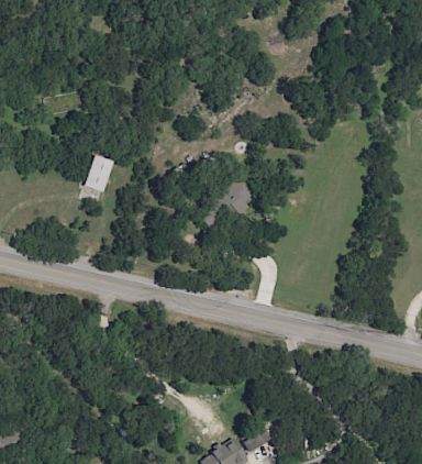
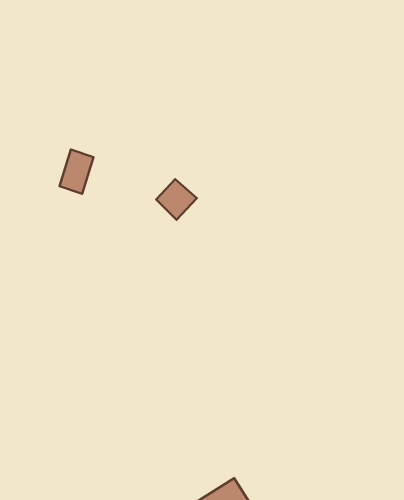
building: [220,179,255,214] -> [156,179,197,220]

